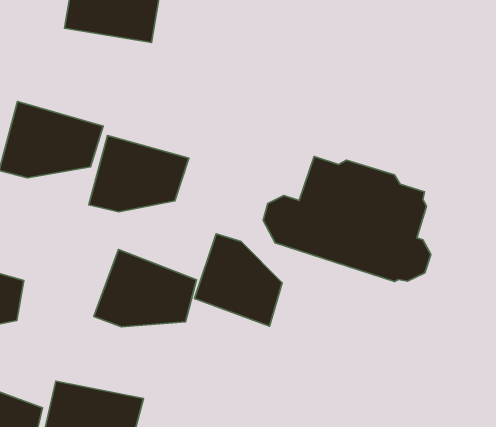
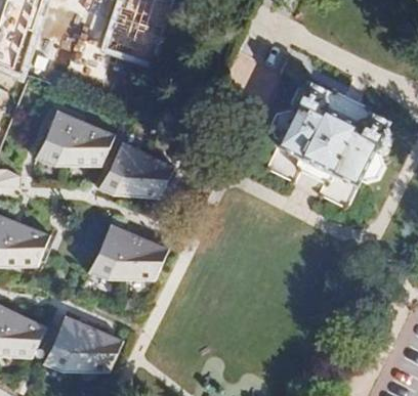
building: [263,156,431,282] -> [268,94,386,192]
building: [194,234,282,326] -> none

